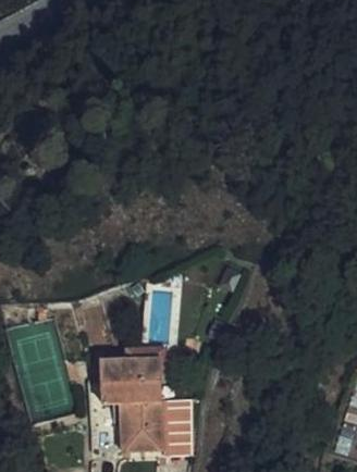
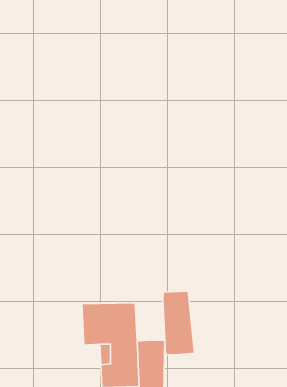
building: none -> [163,291,194,355]

